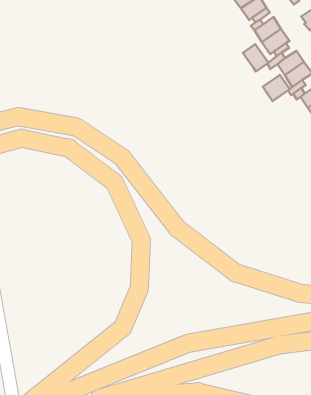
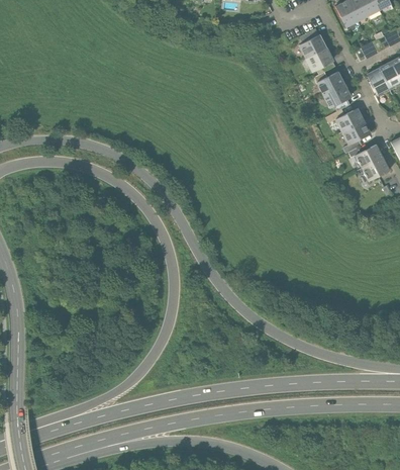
building: [243,44,268,71] -> none
building: [263,75,290,101] -> none

